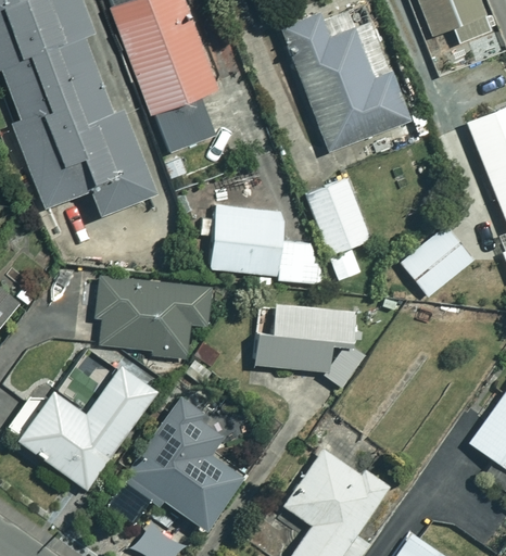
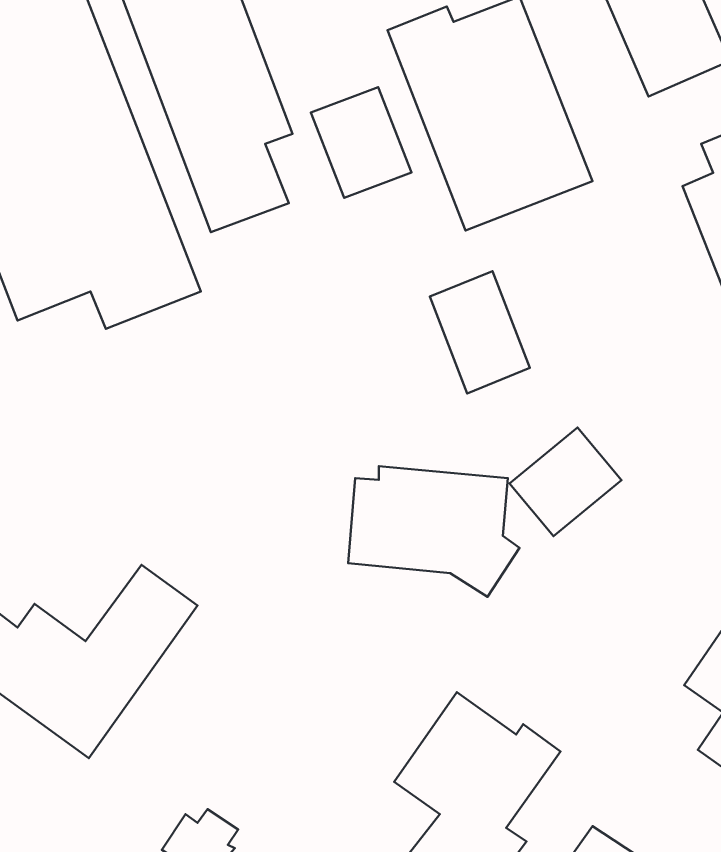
building: none -> [311,87,412,198]
building: [199,205,327,285] -> none
building: [401,227,472,296] -> [510,428,621,536]
building: [96,277,208,358] -> none
building: [125,401,245,531] -> none

